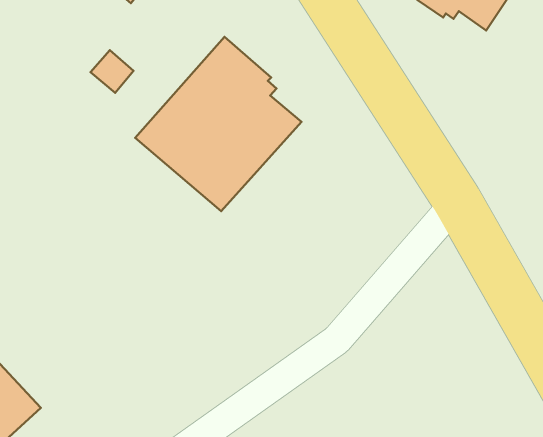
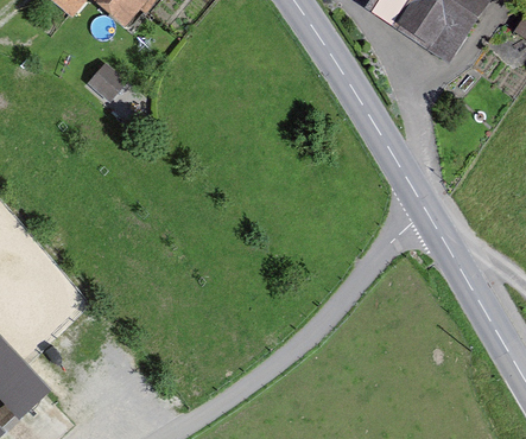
building: [135,37,302,211] -> none

